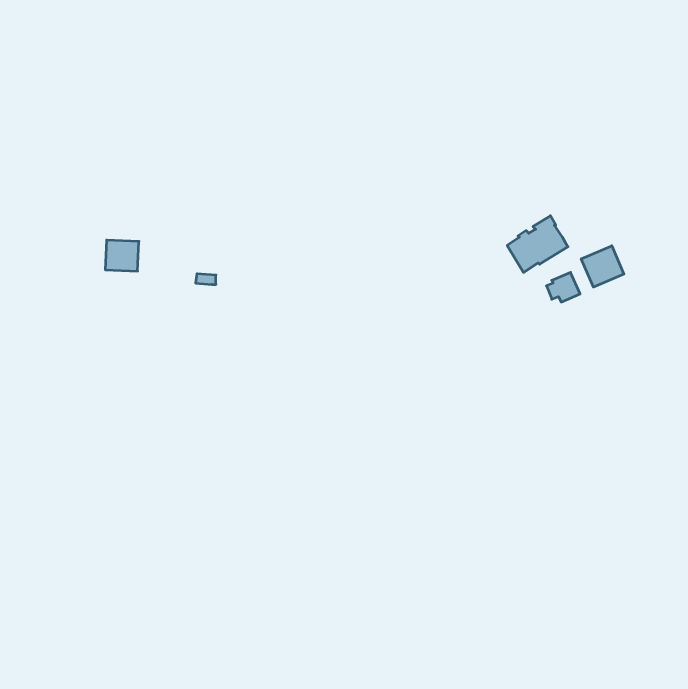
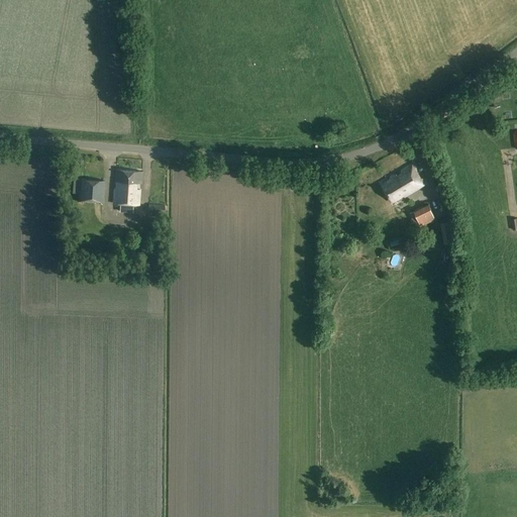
building: none -> [114,171,141,205]
building: [581,246,624,287] -> none

